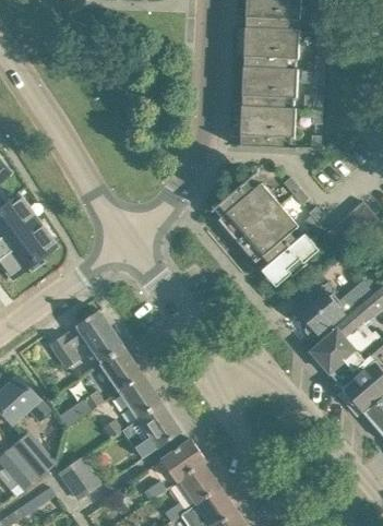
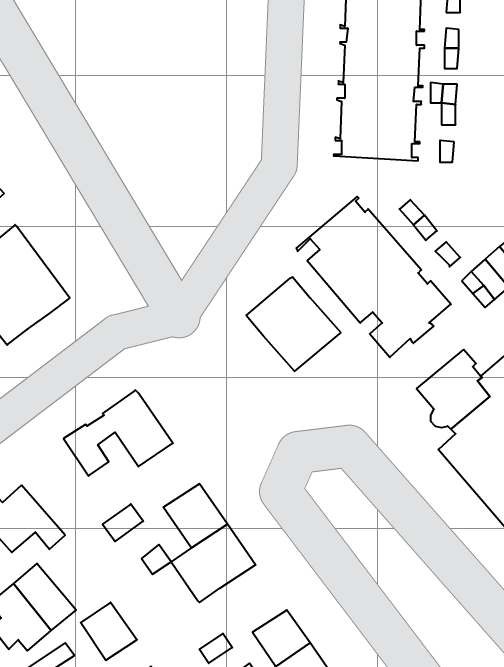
building: none -> [246,277,341,371]
building: [99,347,143,392] -> none
building: [161,439,206,481] -> none

